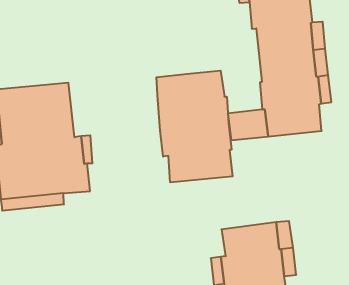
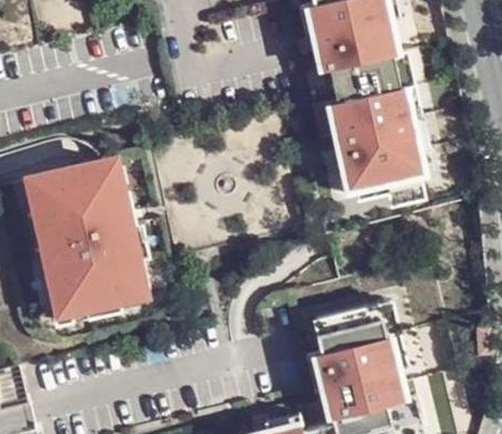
building: [156,71,233,182] -> none

